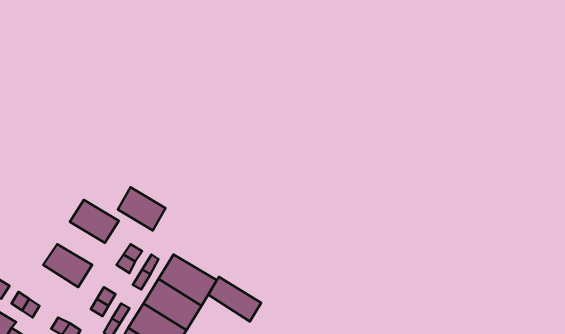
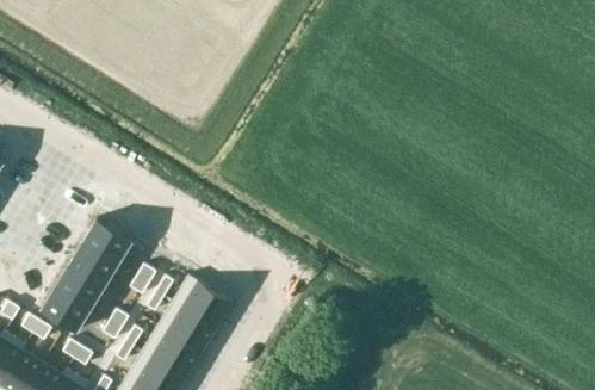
building: [118,187,166,230] -> [68,242,117,286]
building: none -> [39,286,89,332]
building: [208,277,261,321] -> none

